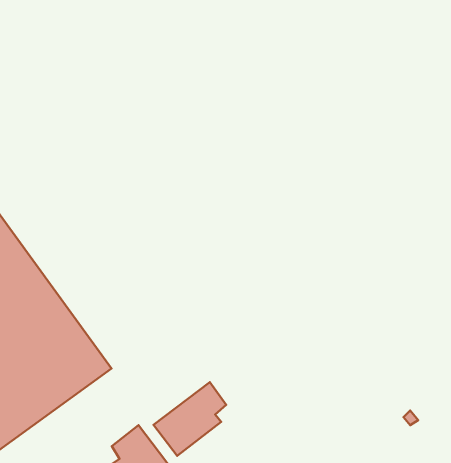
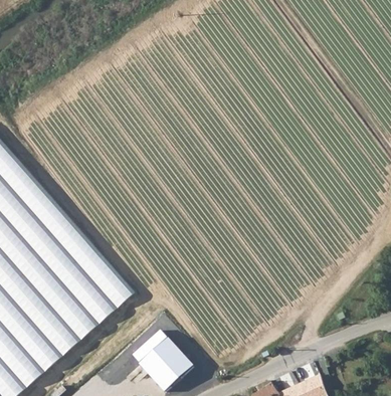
building: [154,382,226,456] -> none

